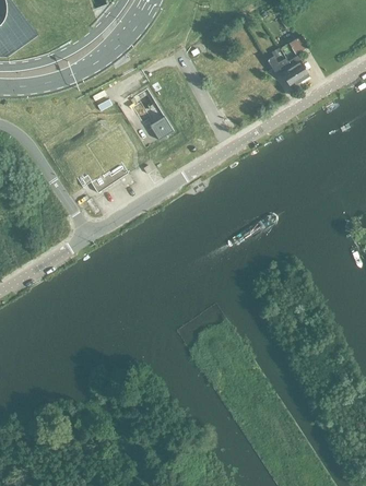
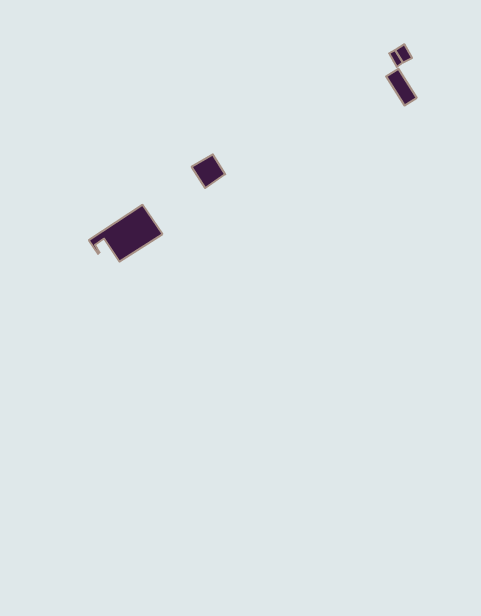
building: [261,56,300,87] -> none

